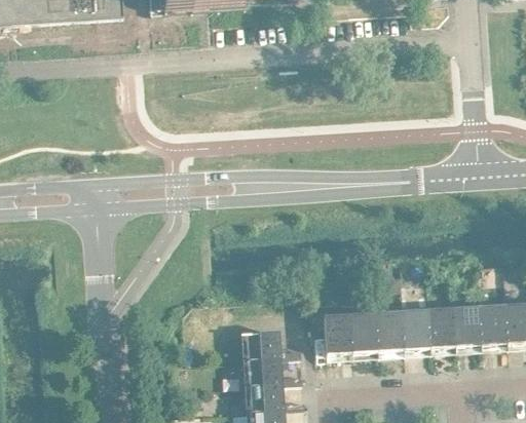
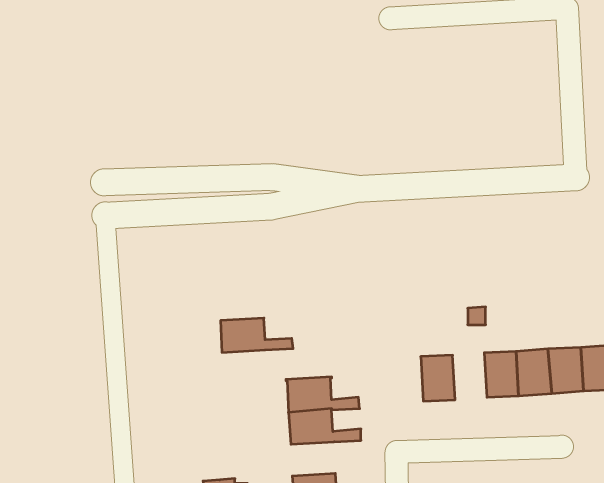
building: [376,311,404,349] -> none
building: [324,314,352,353] -> none
building: [246,383,304,411] -> [221,318,293,352]

